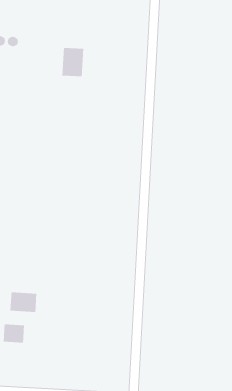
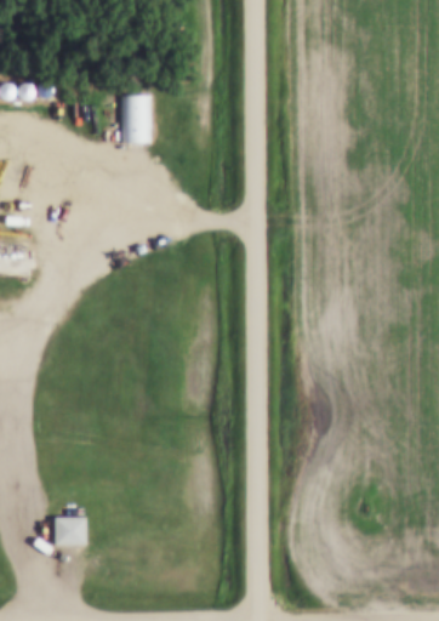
building: [10,292,37,313] -> none

